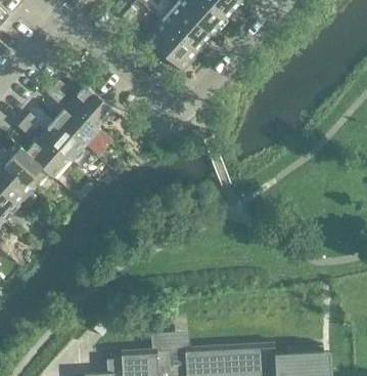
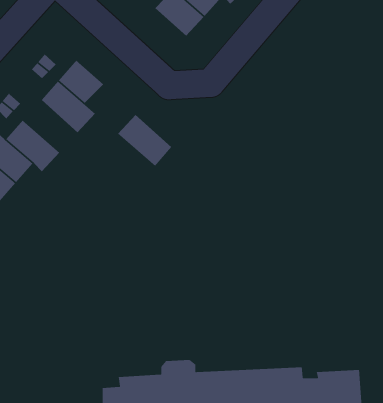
building: [40,120,86,164] -> [117,114,172,167]

